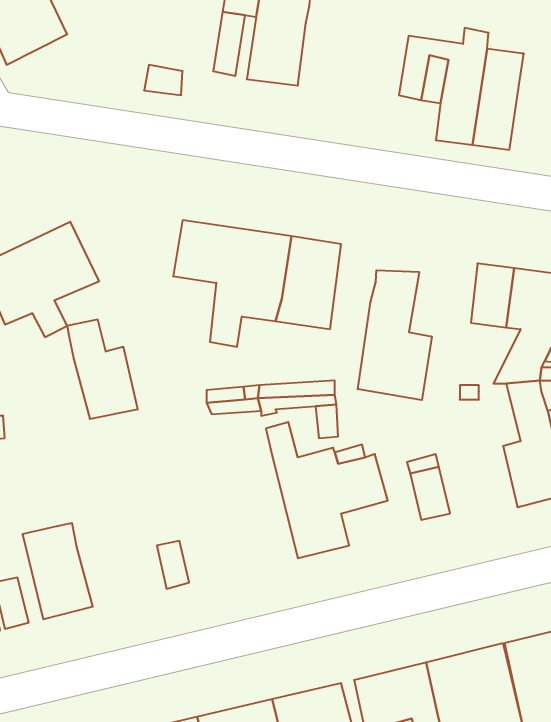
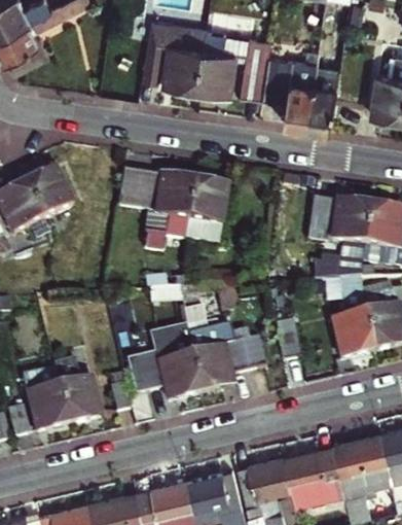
building: none -> [200,35,272,96]
building: [358,270,432,400] -> none
building: [67,320,138,419] -> [54,356,100,420]
building: none -> [130,323,200,396]

